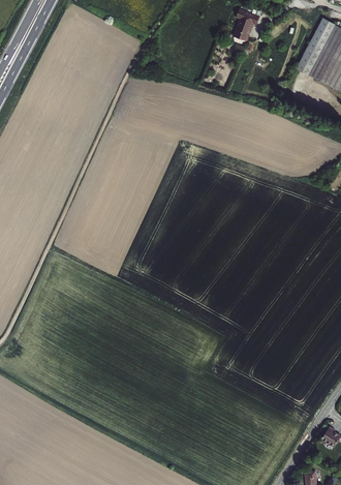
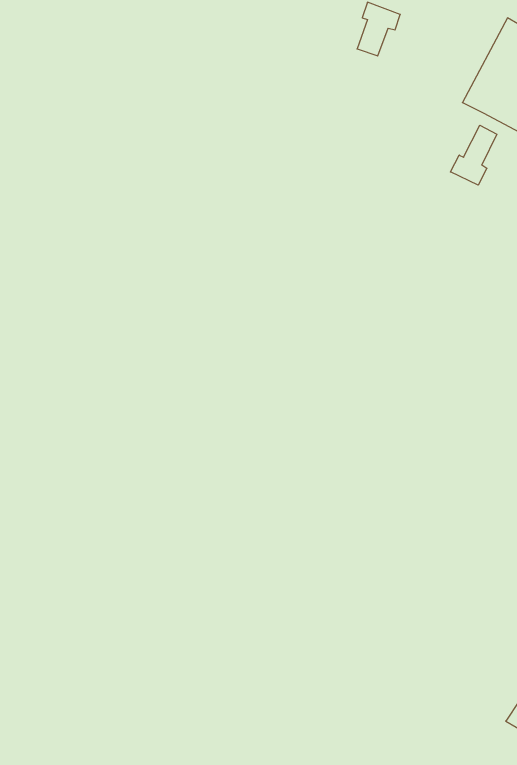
building: none -> [450,125,497,185]

